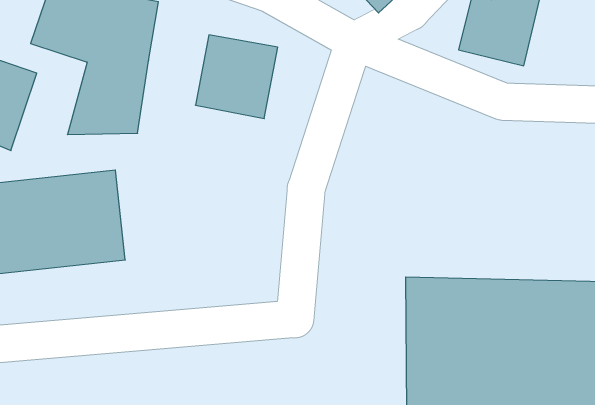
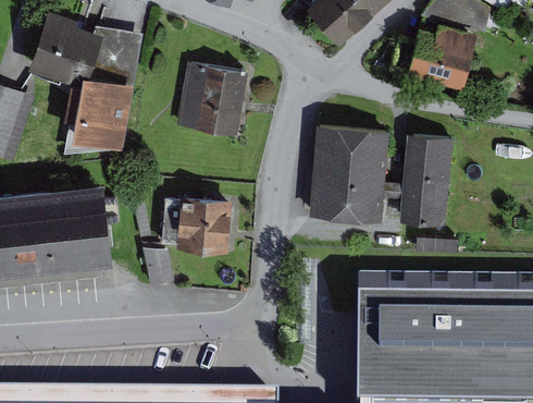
building: none -> [310,127,387,224]
building: none -> [408,135,450,228]
building: none -> [145,197,232,285]

